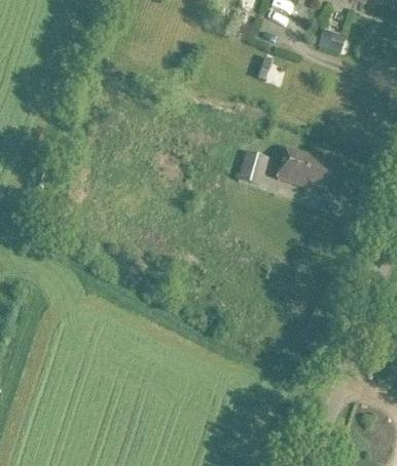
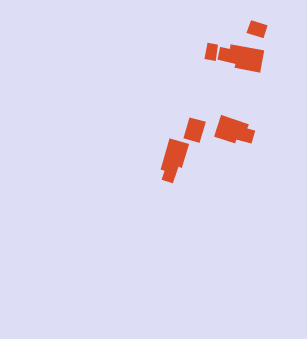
building: none -> [217,44,265,73]
building: none -> [160,138,190,184]

